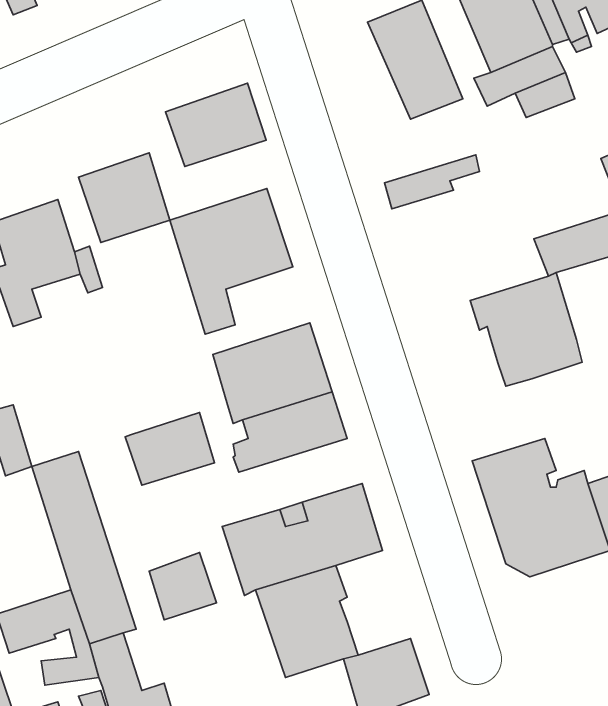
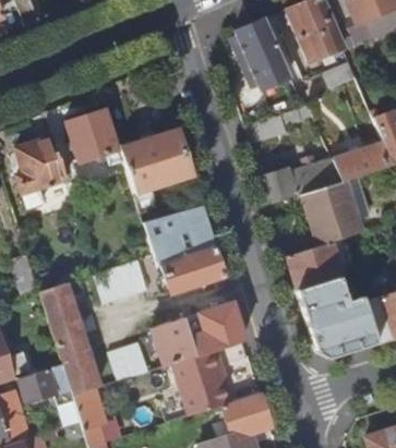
building: [165,83,266,167] -> none
building: none -> [262,158,341,203]
building: none -> [286,240,341,288]

